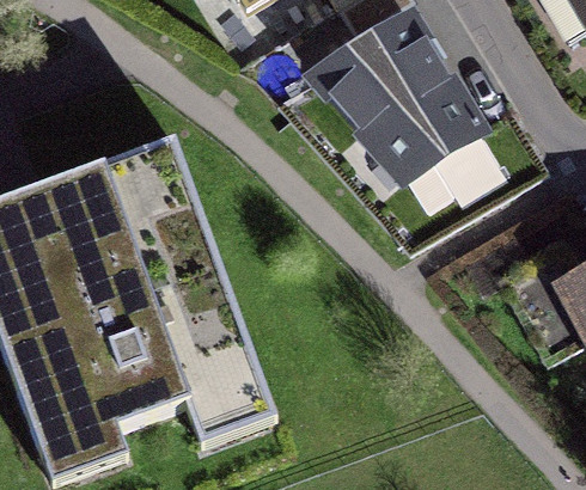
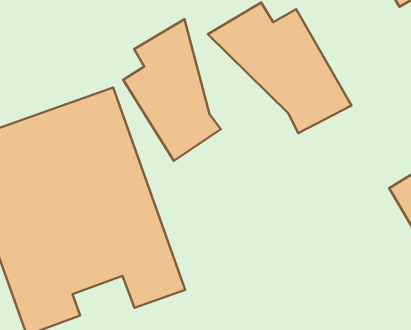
building: none -> [123,19,221,161]

